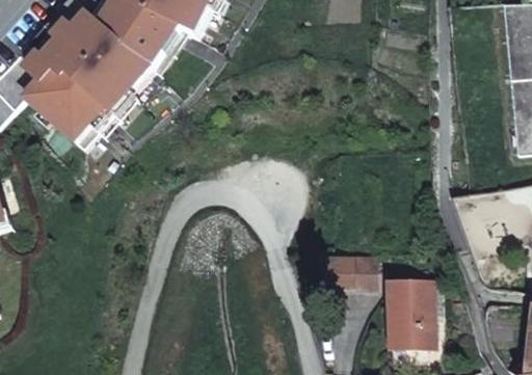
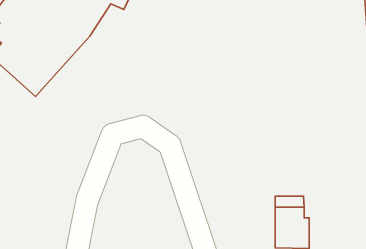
building: [330,251,380,286] -> none

